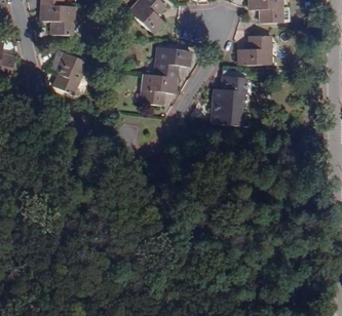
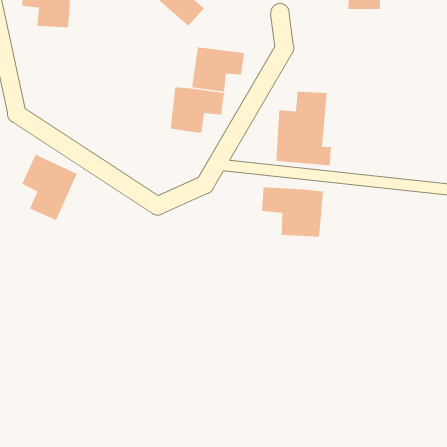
building: [237,35,271,64] -> none
building: [48,48,86,93] -> [21,154,78,221]
building: none -> [261,187,324,237]

